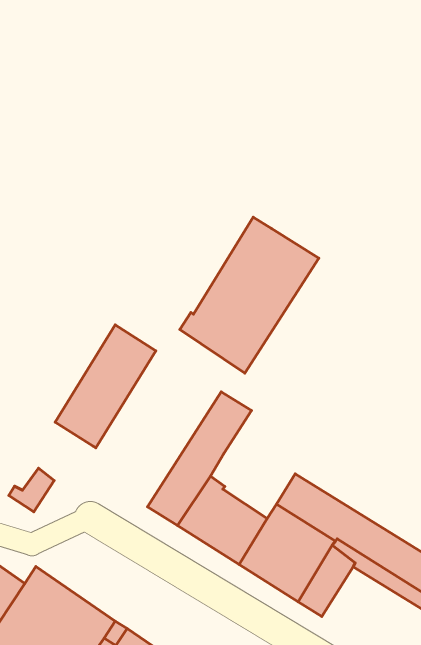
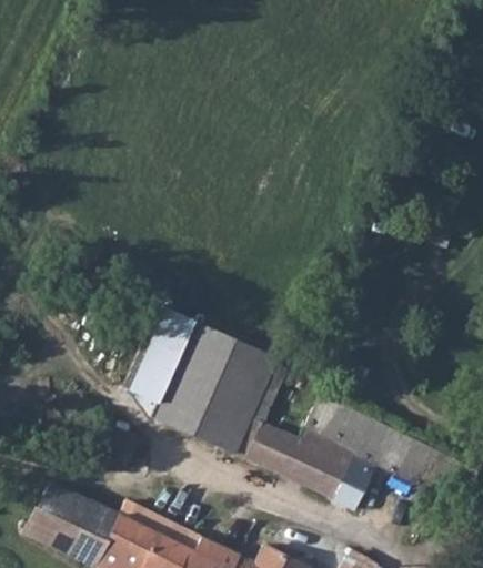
building: [180,217,319,373] -> [152,321,252,443]

